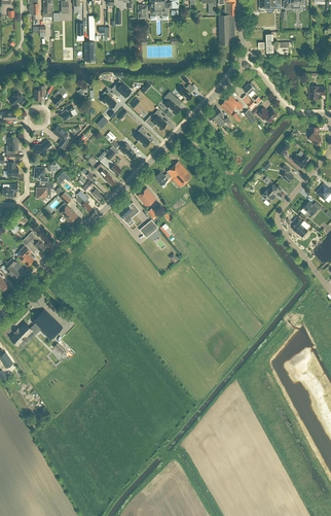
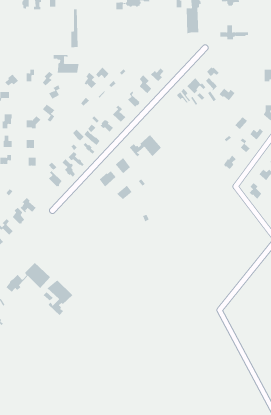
building: none -> [53,54,79,73]
building: none -> [47,279,73,316]

